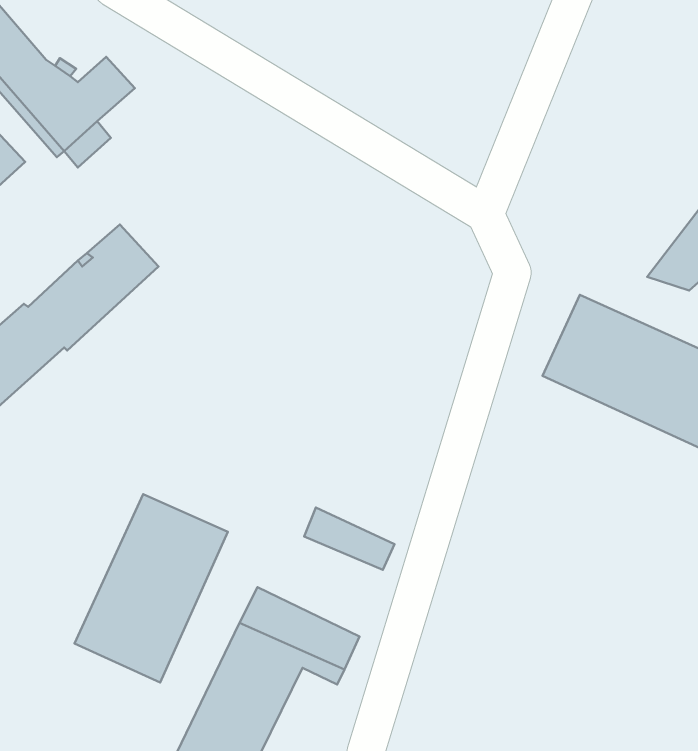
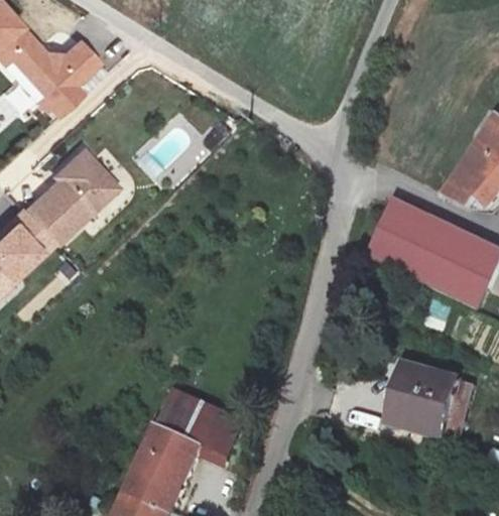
building: [75,494,228,682] -> none
building: [304,508,394,570] -> none
building: none -> [394,370,463,440]

